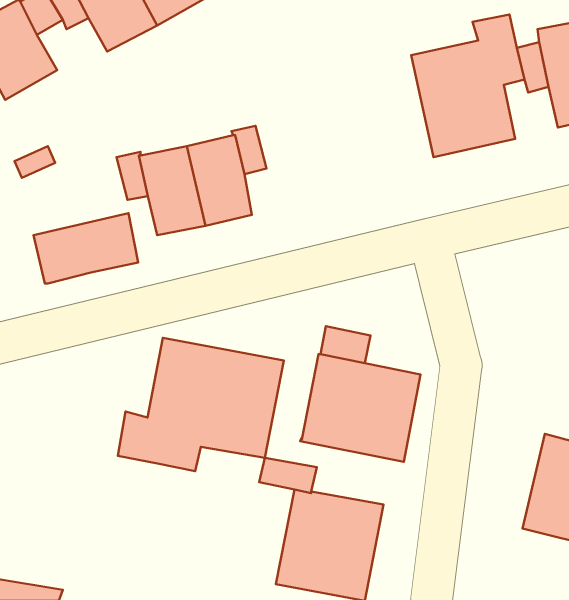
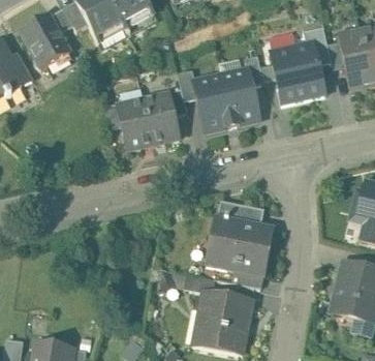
building: none -> [193,65,259,129]
building: [34,213,138,283] -> none
building: [118,338,284,471] -> none

